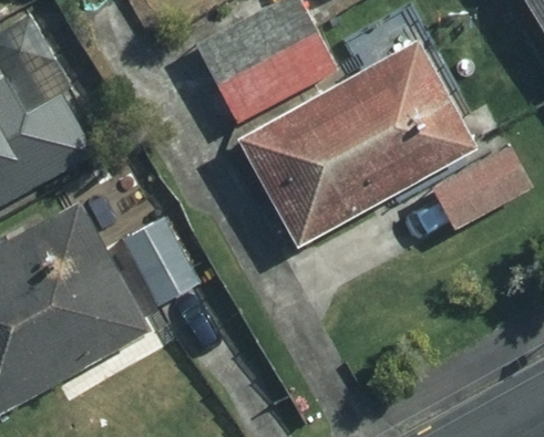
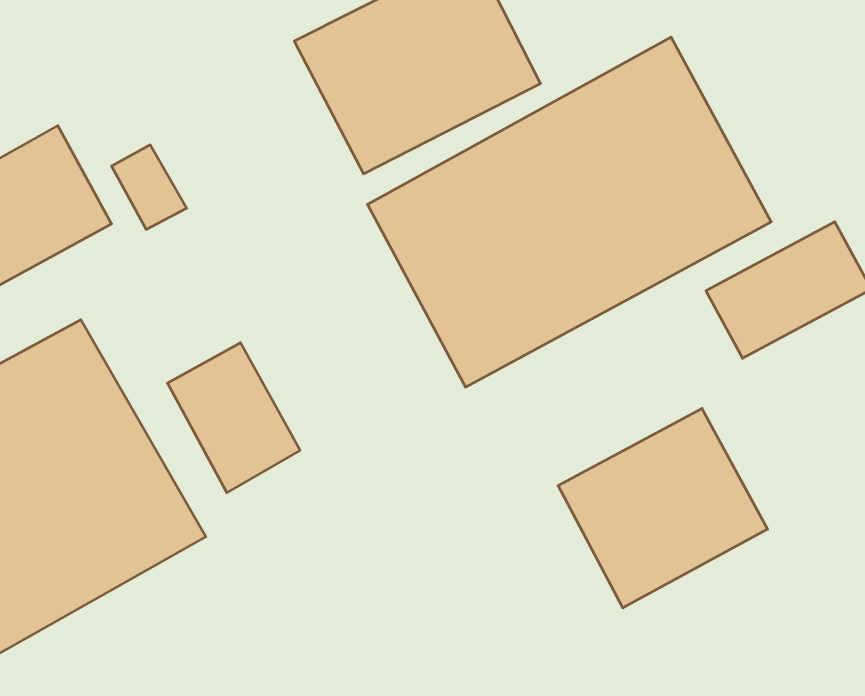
building: none -> [558,408,768,608]

